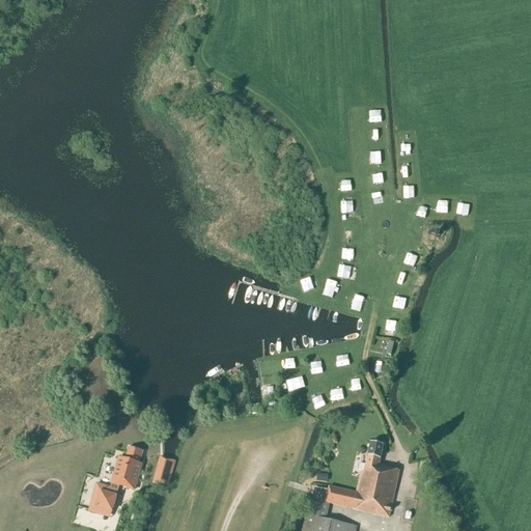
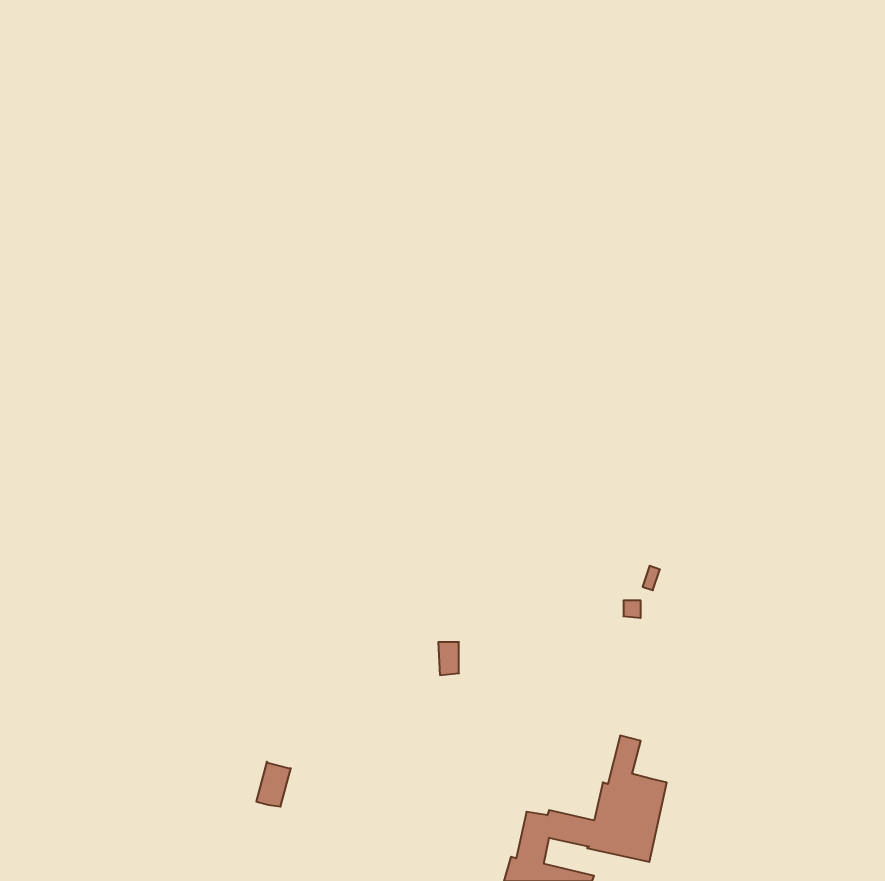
building: [88,446,142,512] -> none

